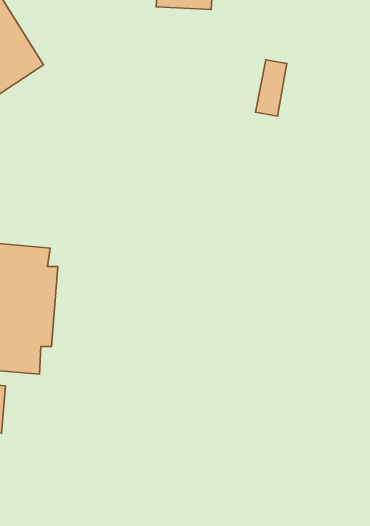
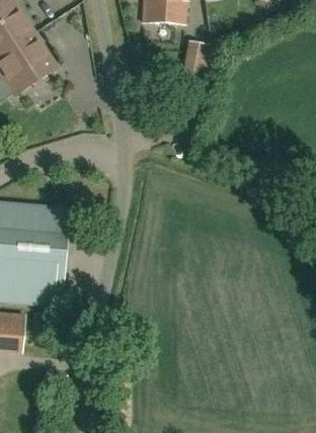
building: [255,60,287,116] -> [184,40,209,84]

